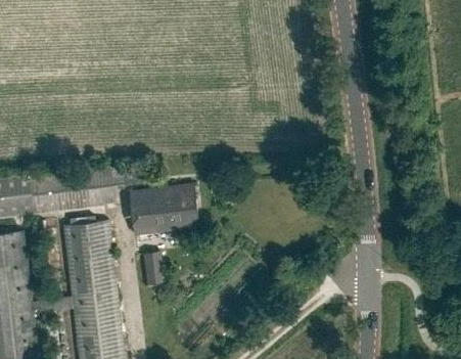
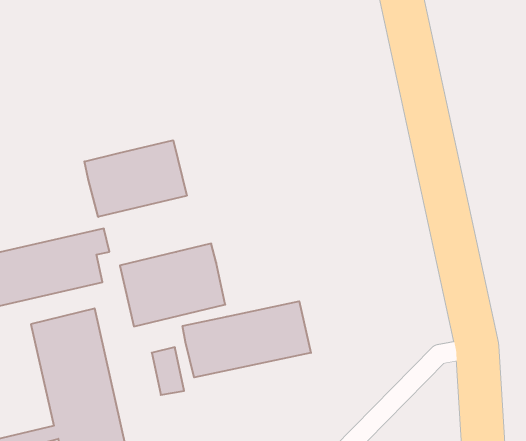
building: none -> [84,140,187,217]
building: none -> [183,301,311,377]

